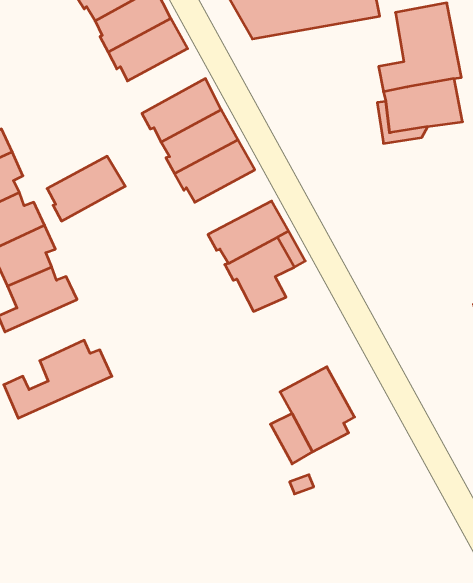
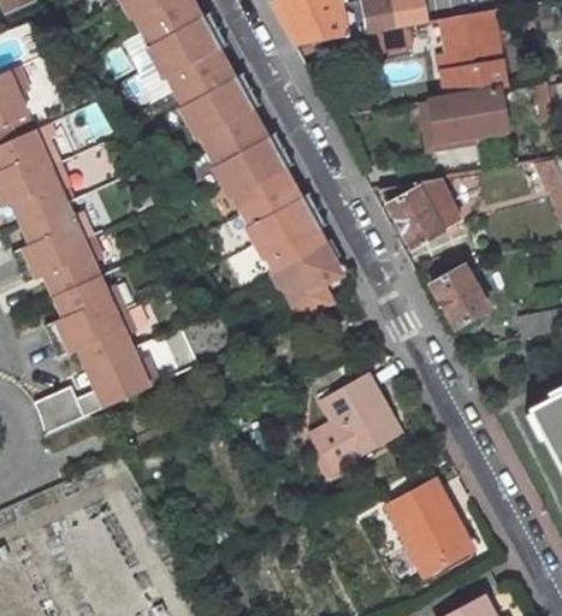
building: [47,156,125,221] -> [172,57,250,122]
building: none -> [375,173,463,245]
building: none -> [239,178,317,243]
building: none -> [420,256,487,324]
building: none -> [49,308,132,369]
building: none -> [394,481,472,574]

